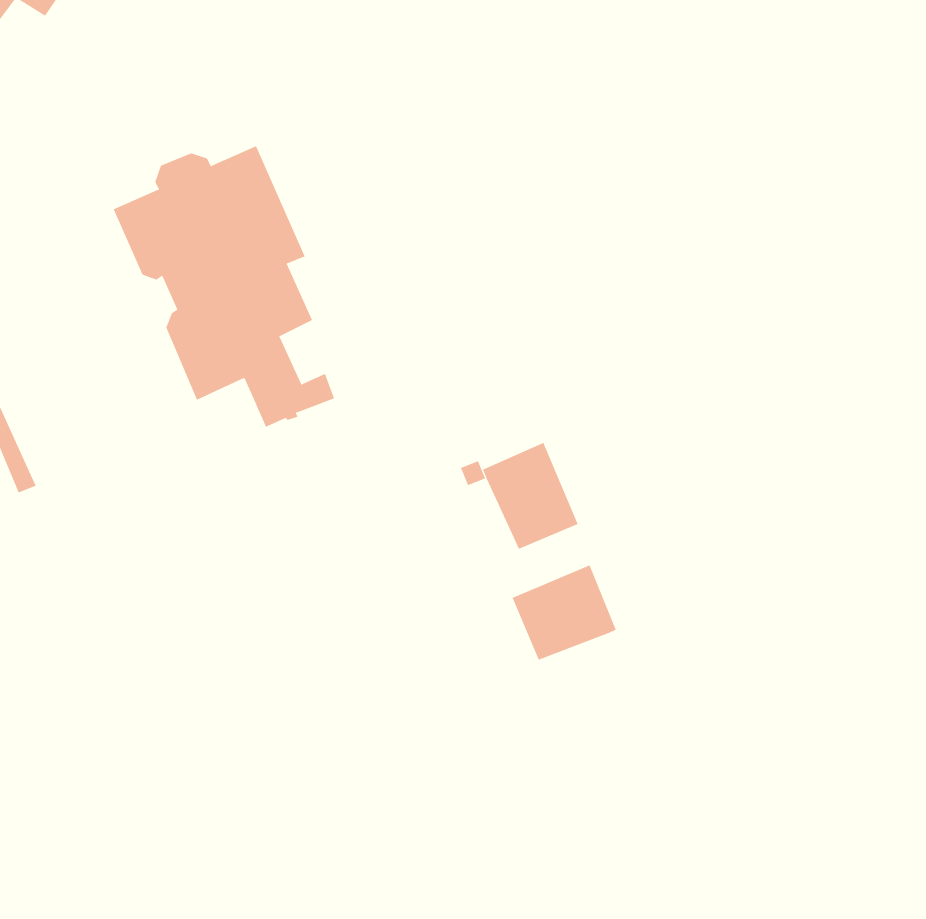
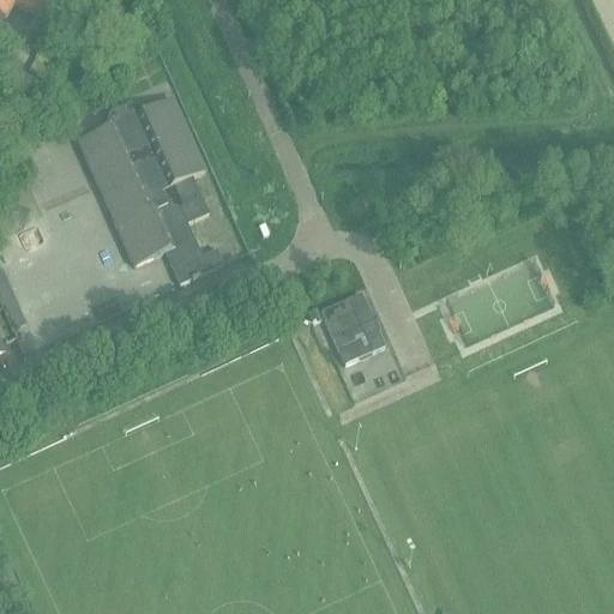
building: [512,564,617,661] -> none

